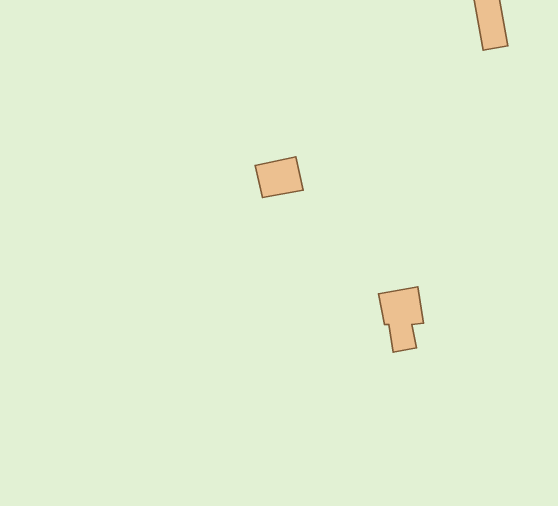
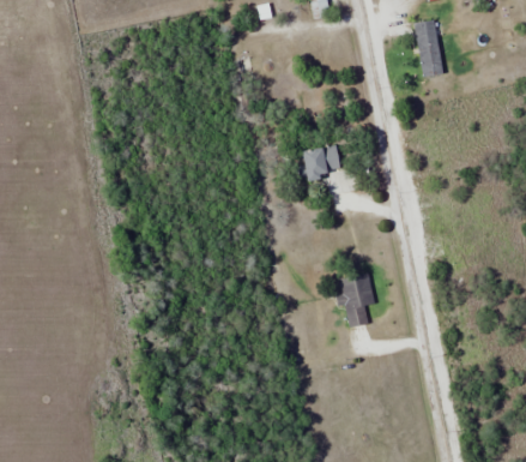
building: [255,157,303,198] -> [302,144,341,178]

